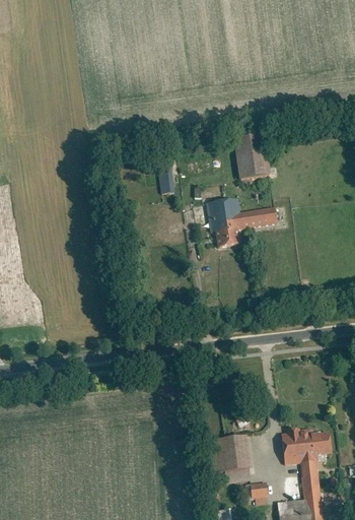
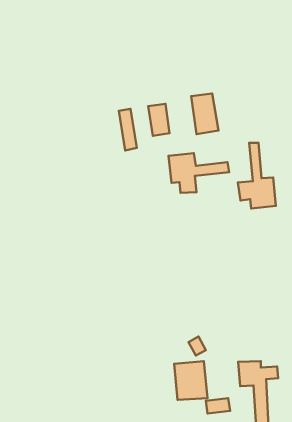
building: none -> [148,104,169,136]
building: none -> [238,143,276,208]

